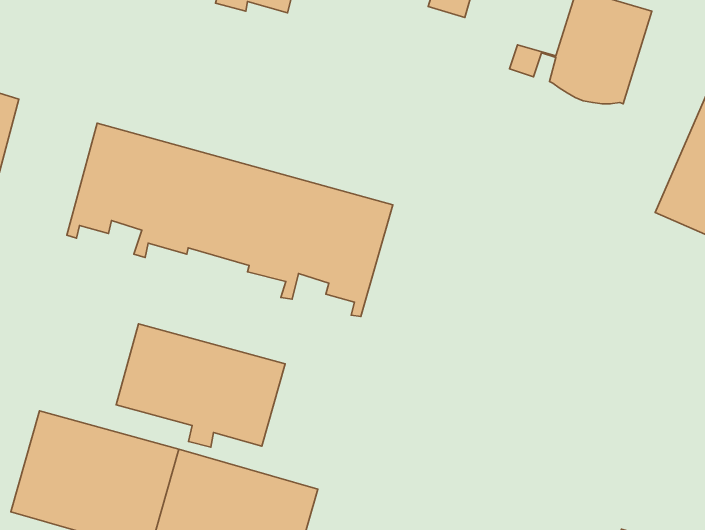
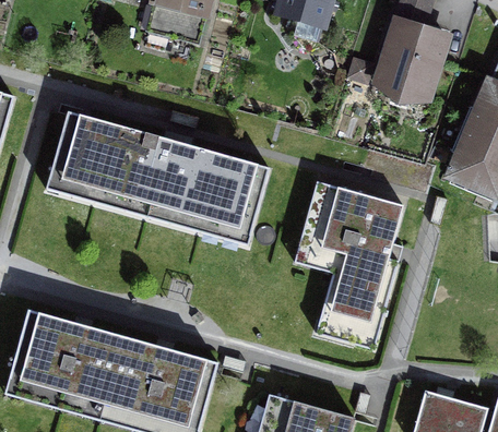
building: none -> [308,183,403,333]
building: [116,324,285,447] -> none

